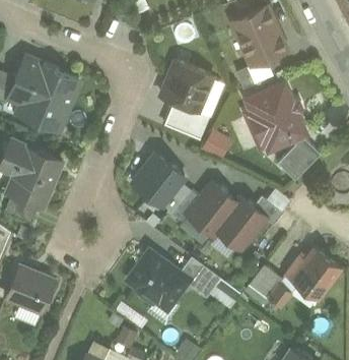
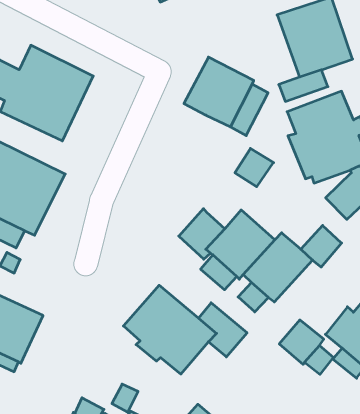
building: [168,105,210,138] -> none
building: [128,149,188,206] -> none

